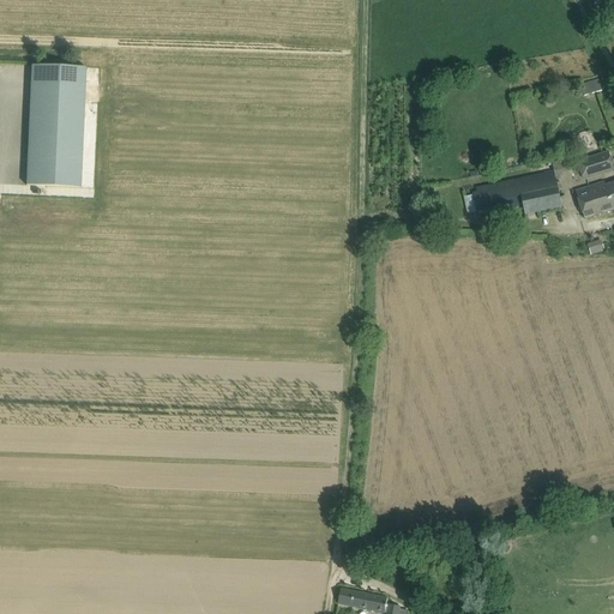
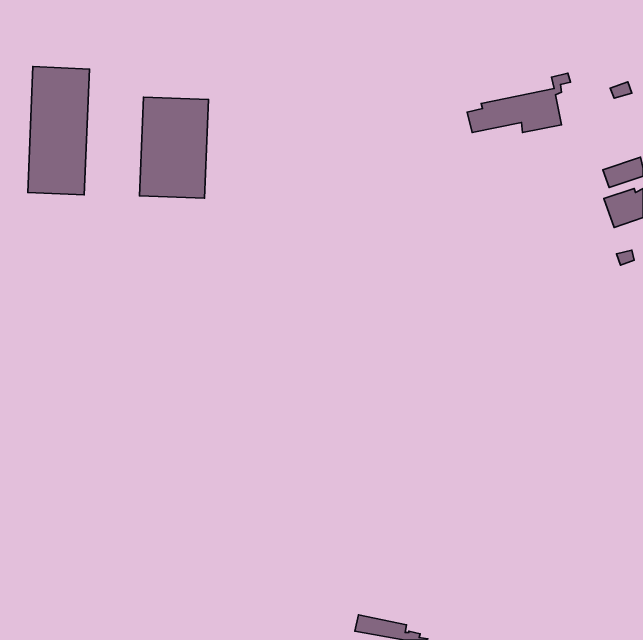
building: none -> [140,97,209,198]
building: [472,156,571,212] -> [467,73,570,132]

